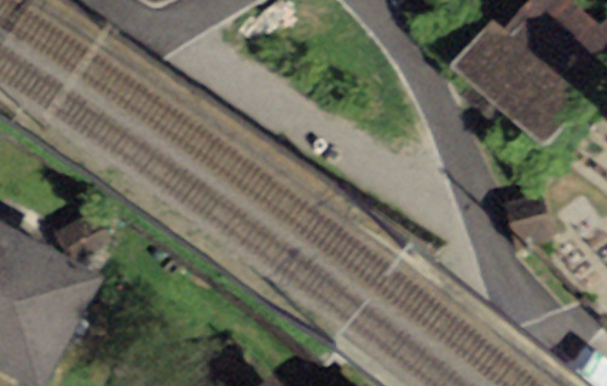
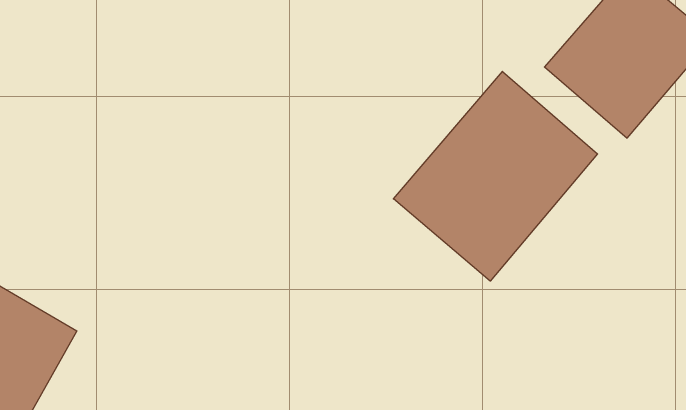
building: none -> [393,71,598,281]

